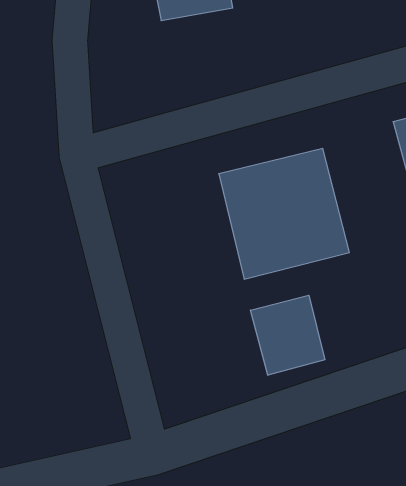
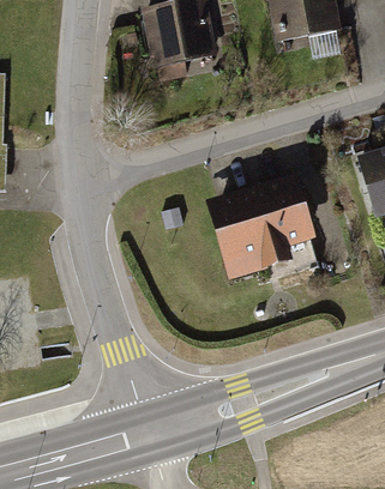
building: [250,295,325,375] -> none

